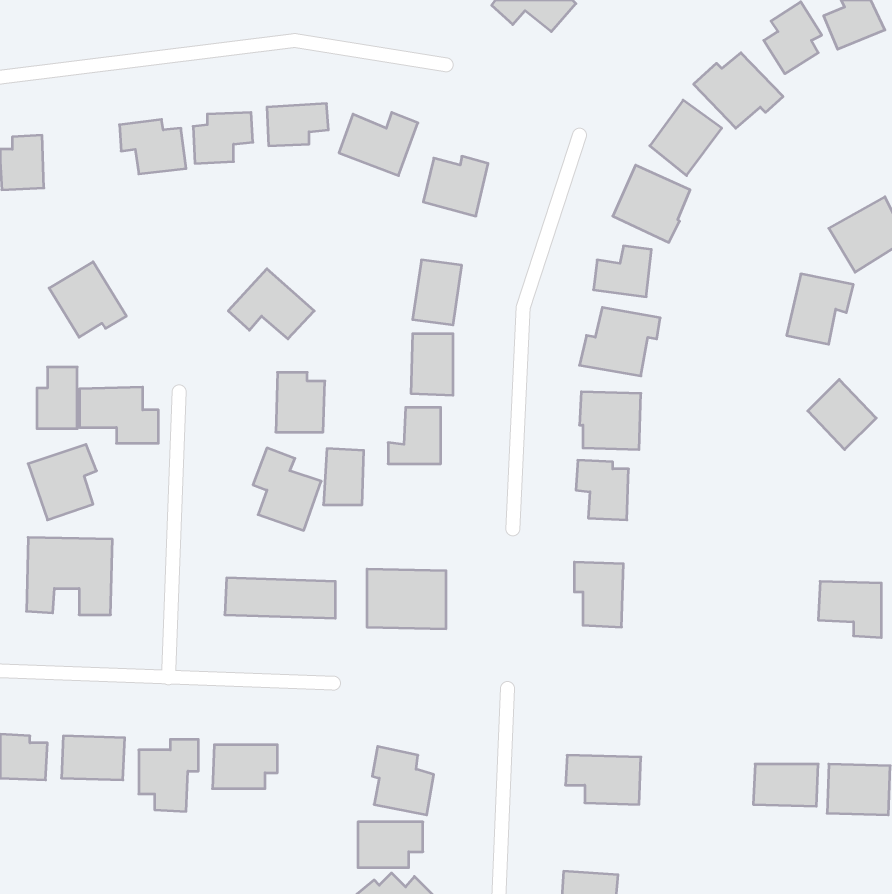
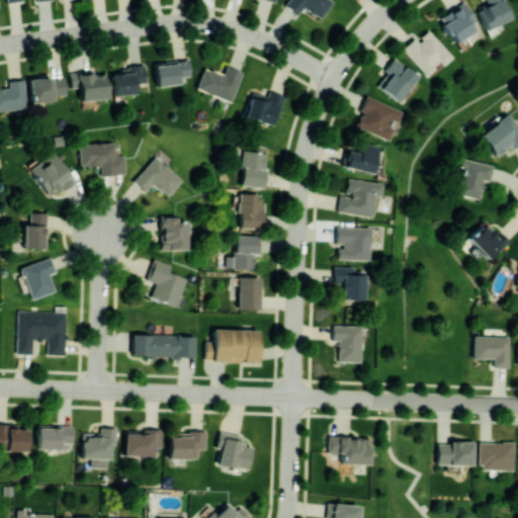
building: none -> [30,78,69,103]
building: [79,387,158,443] -> [81,144,126,176]
building: [323,449,364,505] -> [239,277,262,310]
building: [358,822,423,868] -> [170,433,207,459]

